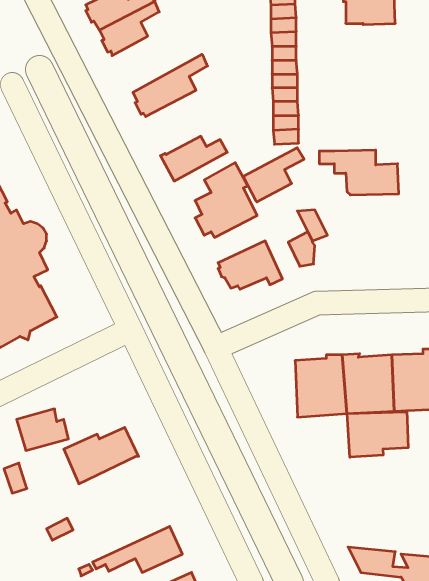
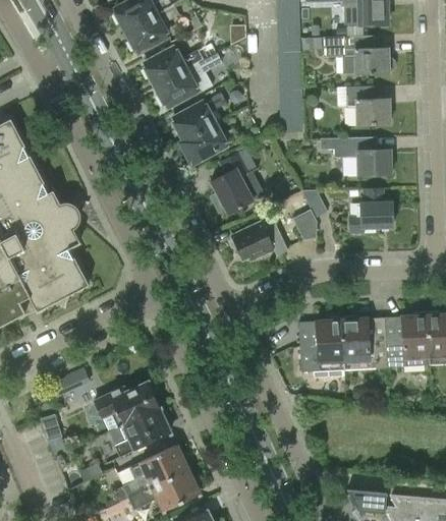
building: none -> [322,37,395,75]
building: none -> [143,48,206,86]
building: none -> [345,86,389,125]
building: [243,148,304,202] -> [172,94,226,141]
building: none -> [347,188,391,234]
building: [347,411,408,457] -> none
building: none -> [107,408,170,457]
building: none -> [114,446,187,502]

